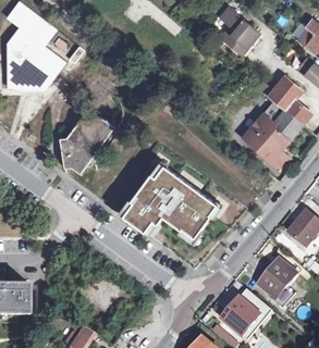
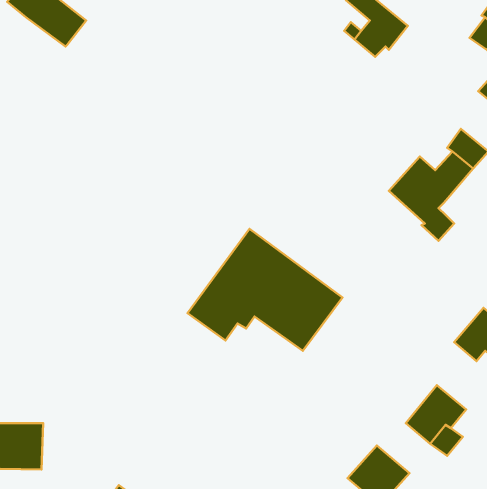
building: [5,26,63,83] -> none
building: [266,73,300,109] -> none
building: [59,115,114,172] -> none

